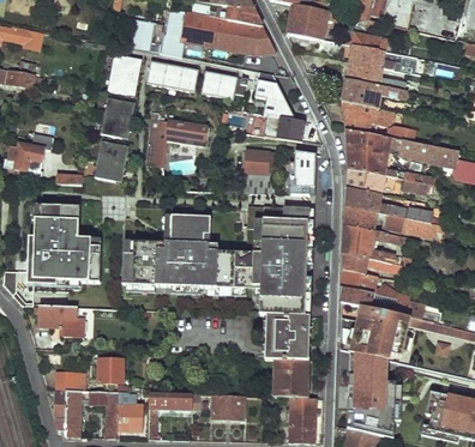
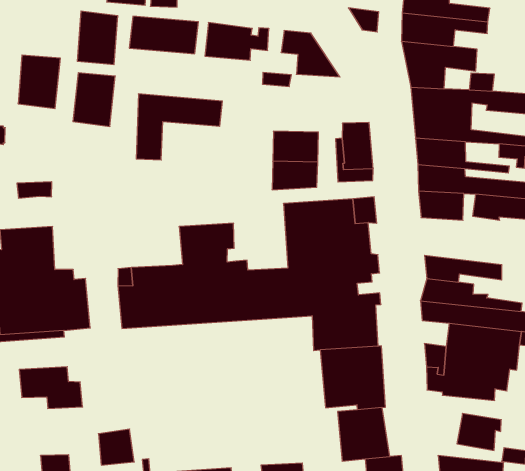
building: [277,116,307,140] -> none
building: [95,141,128,182] -> [18,55,60,109]
building: [345,225,408,266] -> none

